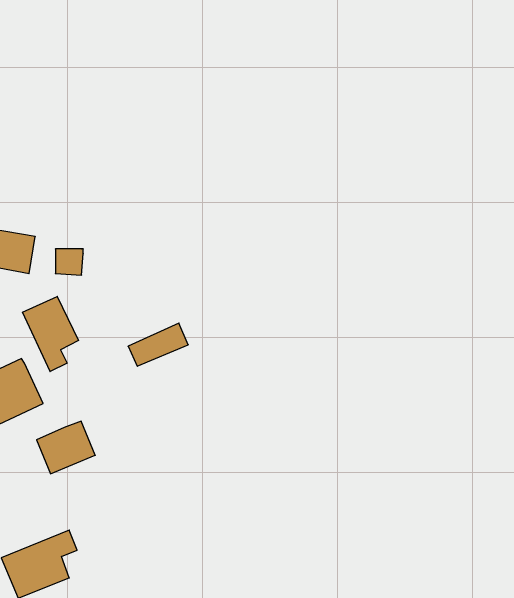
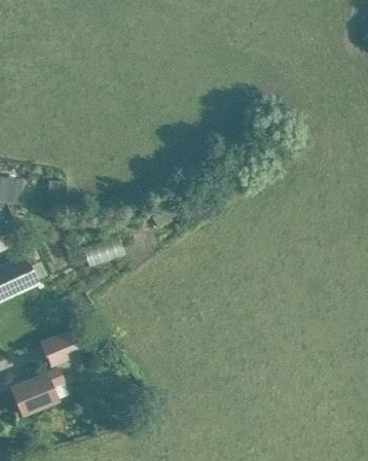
building: [22,296,78,372] -> none
building: [37,421,95,474] -> [38,331,77,366]

